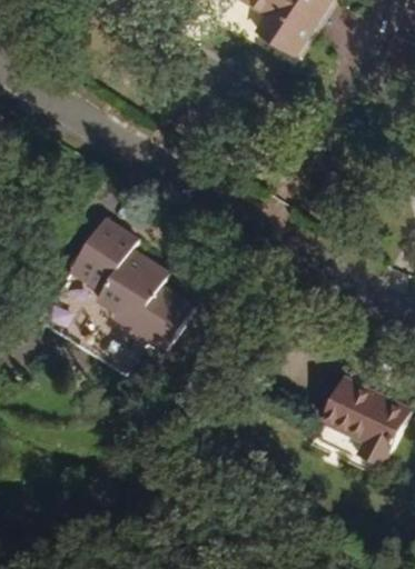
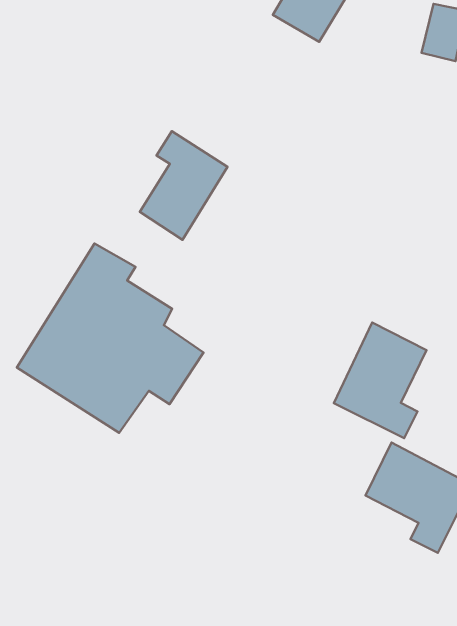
building: none -> [140,131,227,240]
building: none -> [334,322,426,438]

